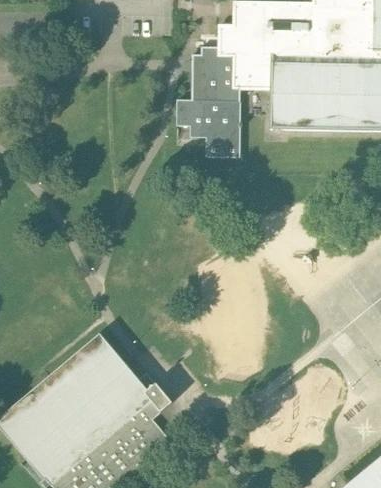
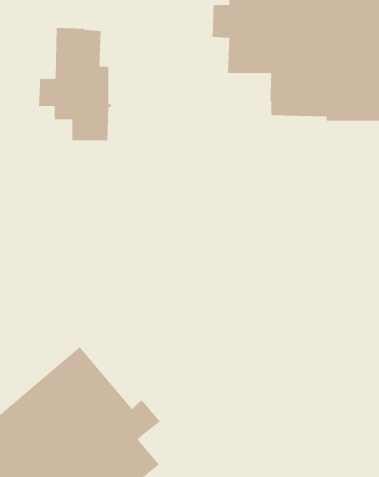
building: [176,53,242,156] -> [38,27,111,141]

